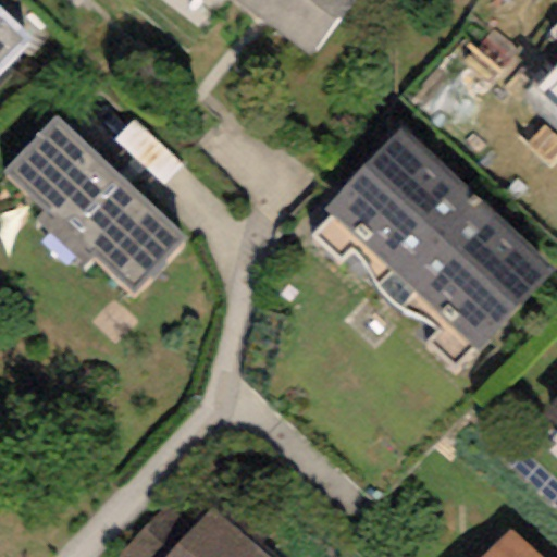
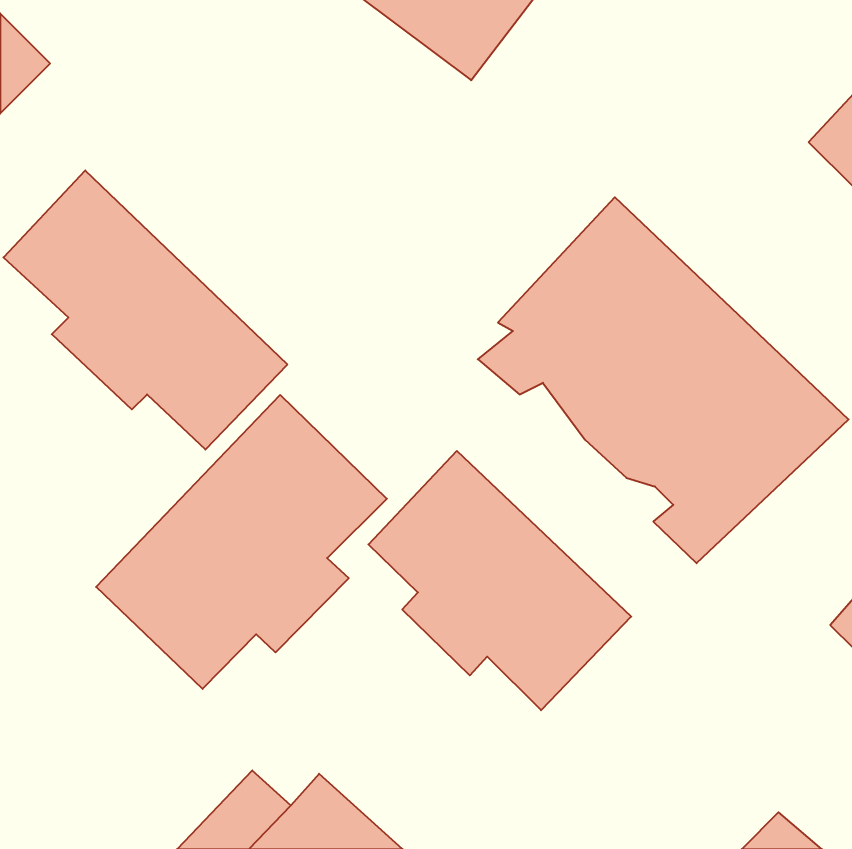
building: none -> [96,395,387,689]
building: none -> [368,451,631,710]

